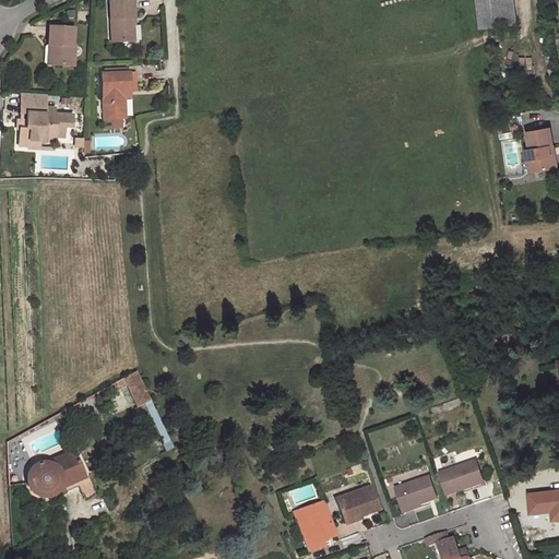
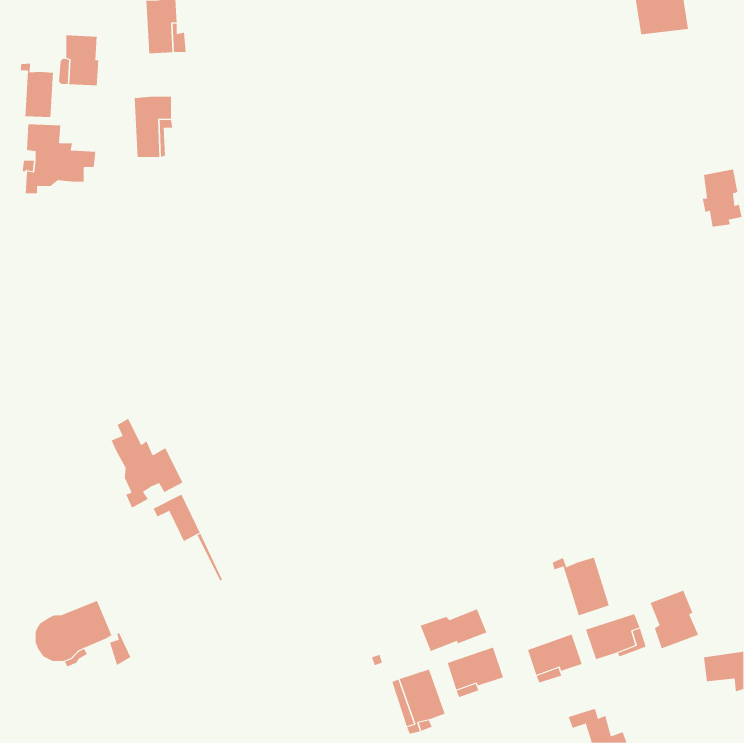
building: none -> [20,63,53,118]
building: none -> [111,418,183,508]
building: none -> [552,557,609,616]
building: none -> [650,590,699,649]
building: none -> [420,609,487,652]

